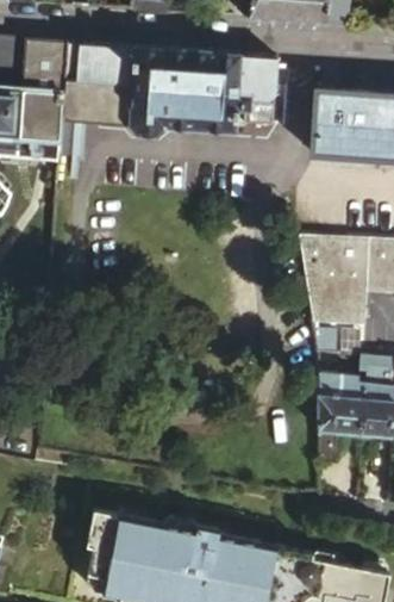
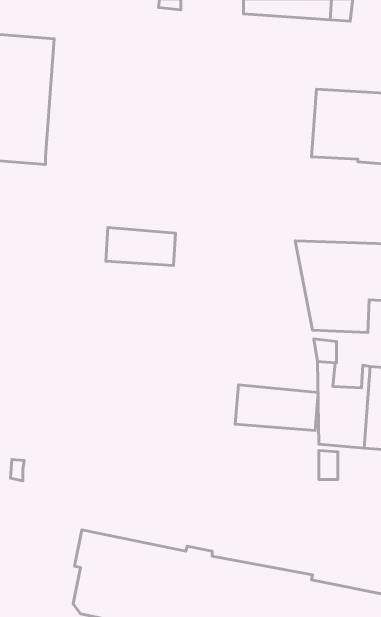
building: [60,44,288,157] -> none
building: none -> [106,228,175,266]
building: none -> [235,385,318,430]

